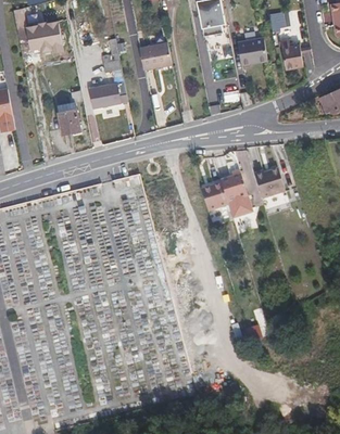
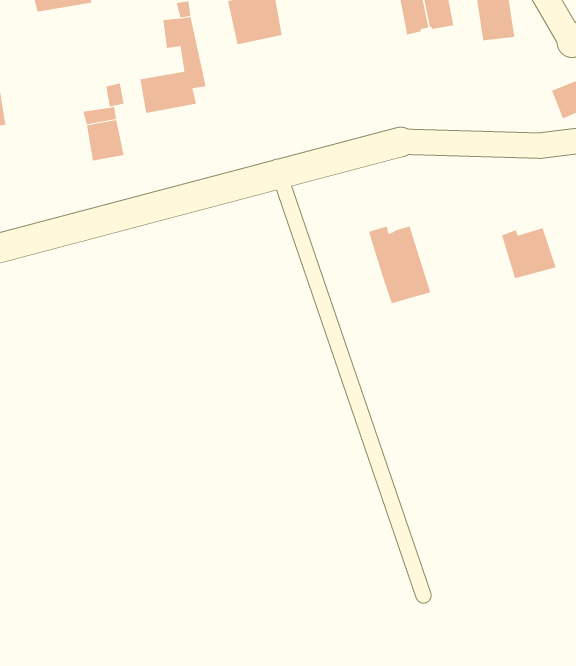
building: [255,169,287,199] -> [501,228,556,279]
building: [201,184,228,212] -> none

